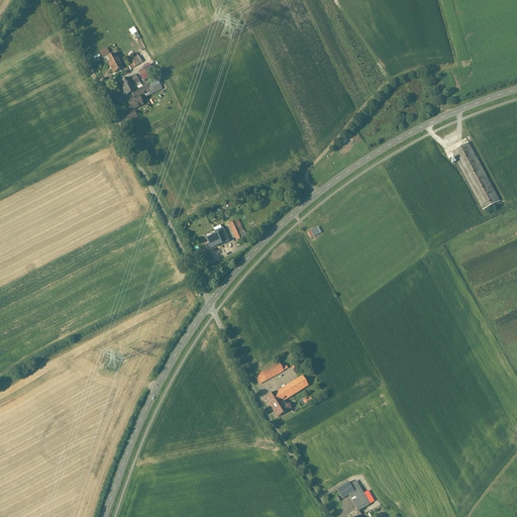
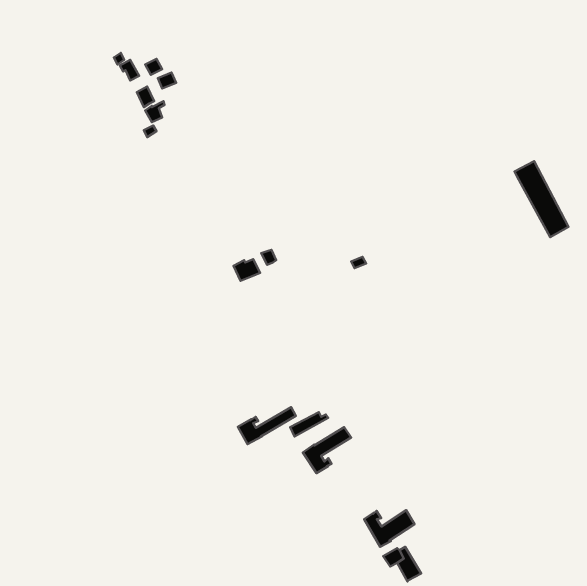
building: none -> [238,407,296,444]
building: none -> [364,510,414,547]

